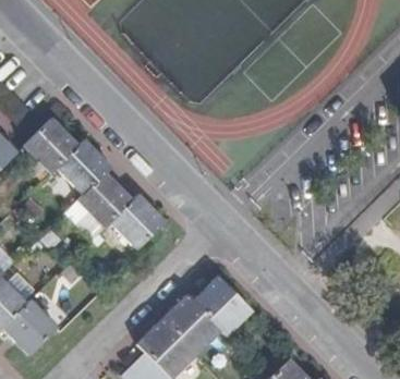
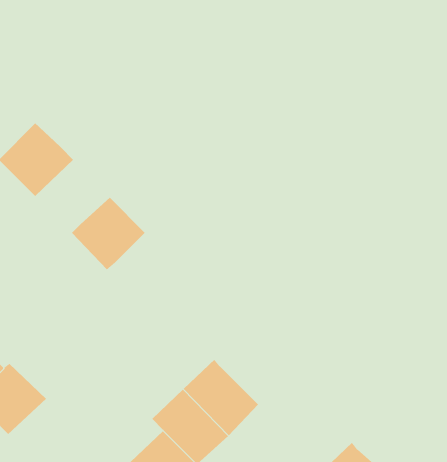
building: [57,140,112,194] -> none
building: [111,195,166,249] -> none
building: [191,277,252,338] -> none

